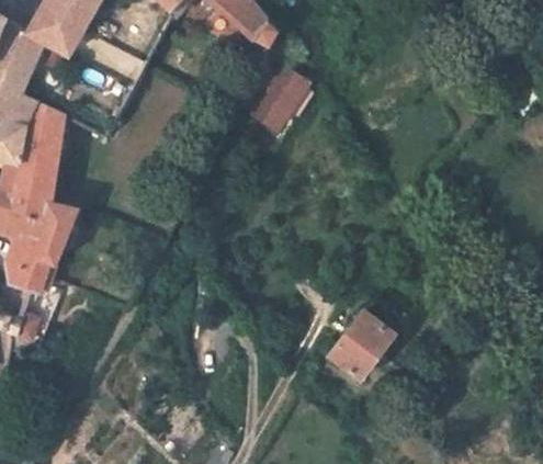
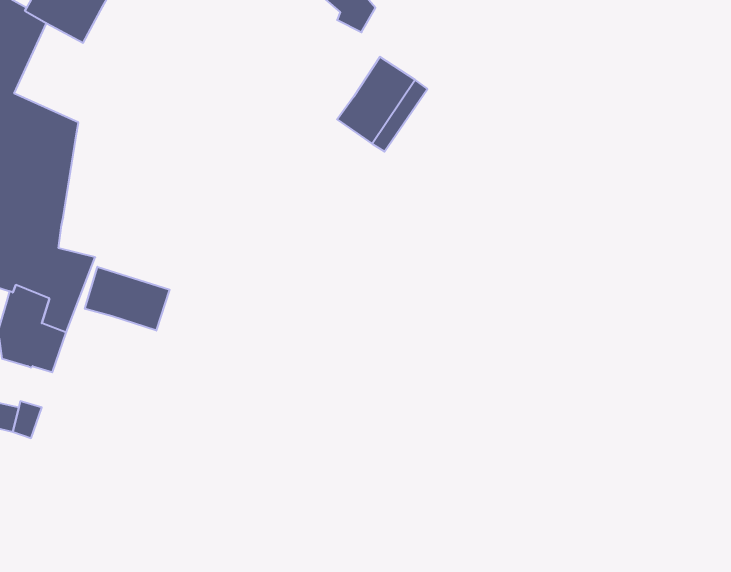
building: none -> [85,267,170,331]
building: [328,312,393,380] -> none

